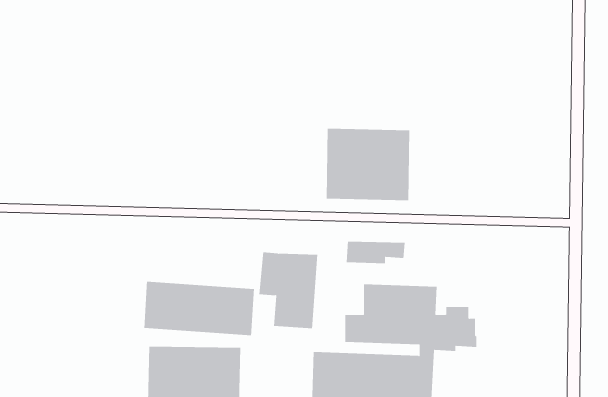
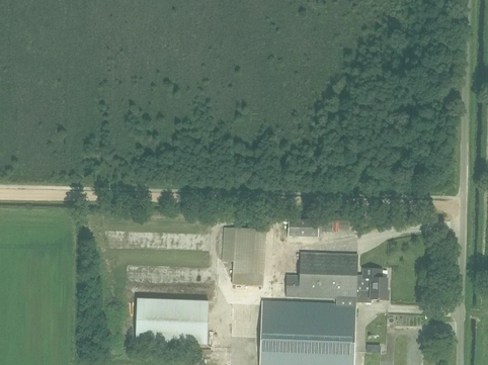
building: [326,128,410,201] -> none
building: [144,281,254,336] -> none

